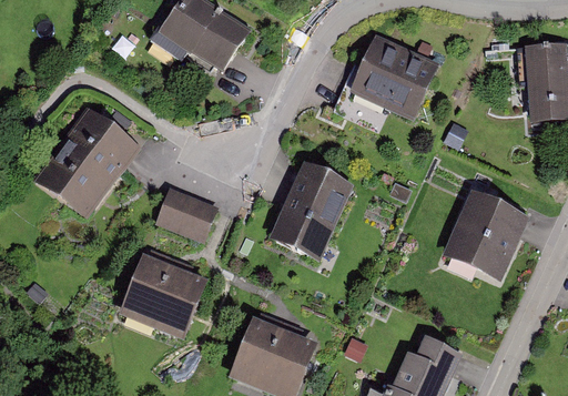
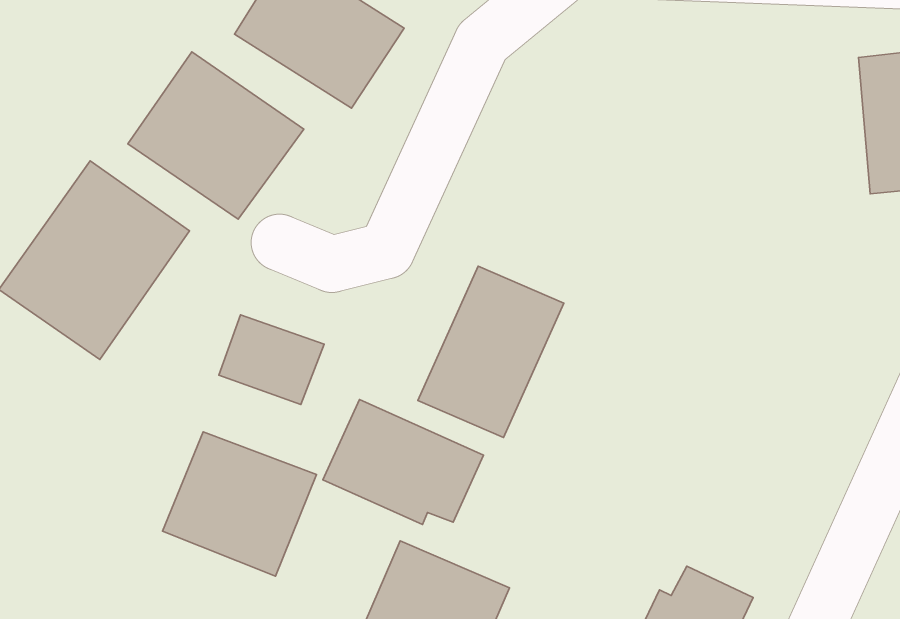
building: [352,37,440,116] -> none
building: none -> [128,52,304,219]
building: [445,189,528,276] -> none
building: none -> [323,399,484,524]

